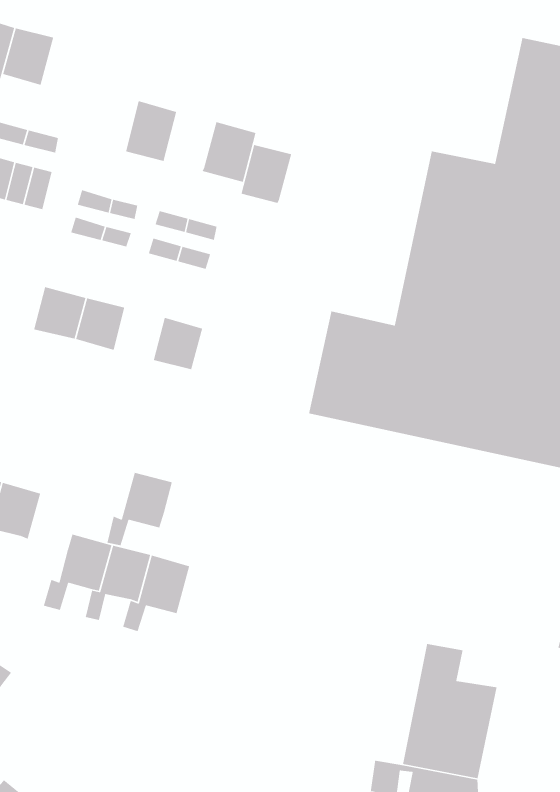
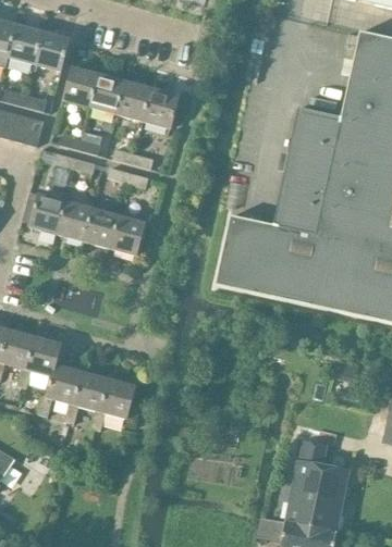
building: none -> [37,30,72,70]
building: none -> [65,66,102,108]
building: [240,144,292,204] -> [120,80,155,121]
building: none -> [86,212,120,248]
building: [107,472,173,546] -> [19,337,63,387]

